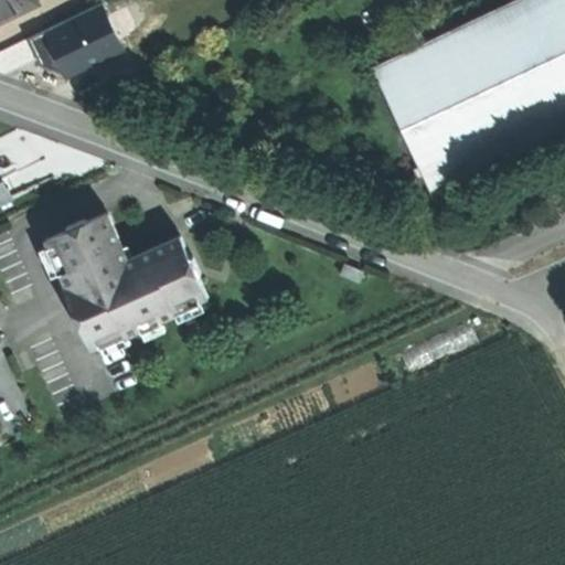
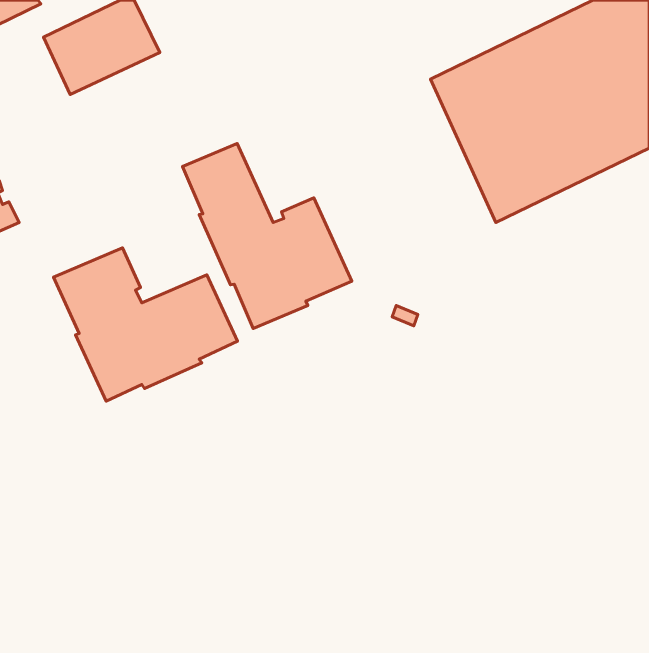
building: none -> [183,143,352,328]

